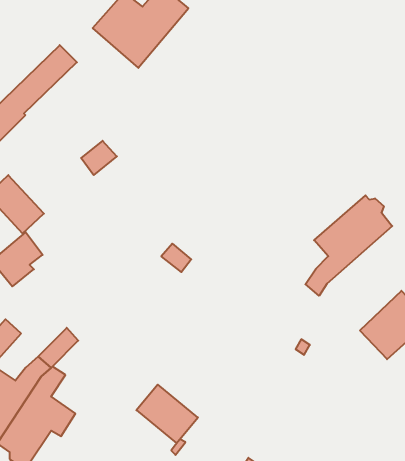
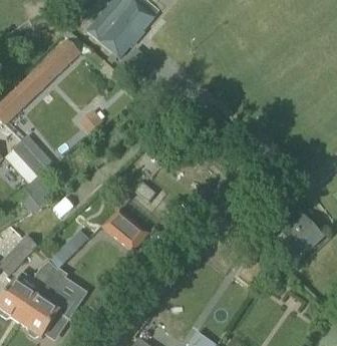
building: [305,195,392,296] -> none
building: [136,385,198,443] -> [104,210,147,251]

